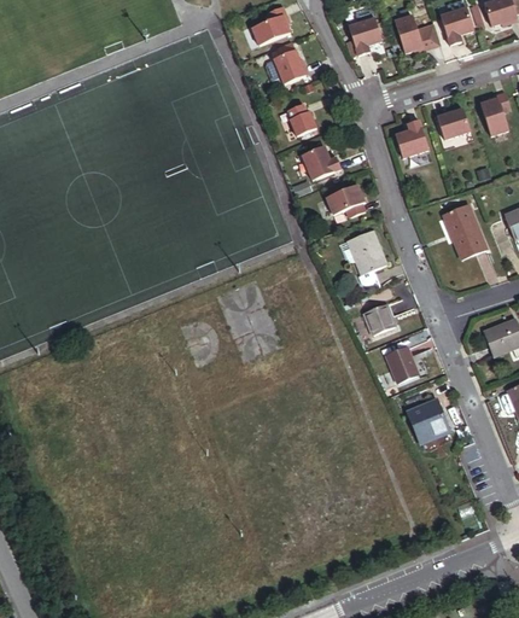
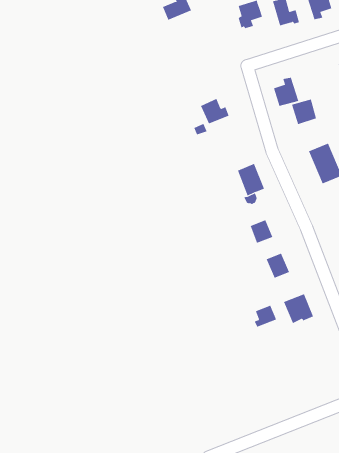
building: [274,41,305,83] -> none
building: [286,104,315,135] -> none
building: [437,105,471,139] -> [291,99,317,125]
building: [325,185,365,217] -> none
building: none -> [254,305,277,328]

